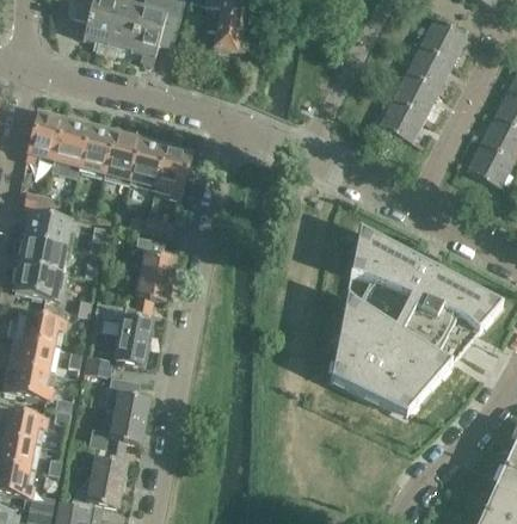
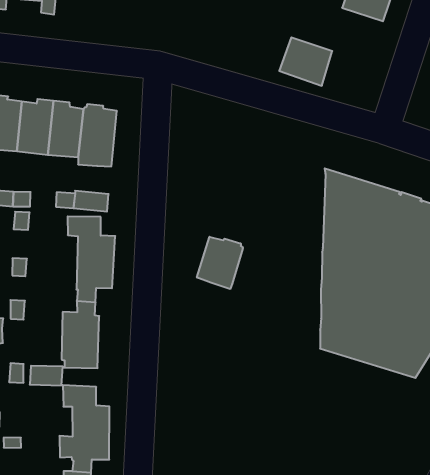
building: [378,98,425,142] -> [279,37,332,86]
building: none -> [197,237,243,289]

